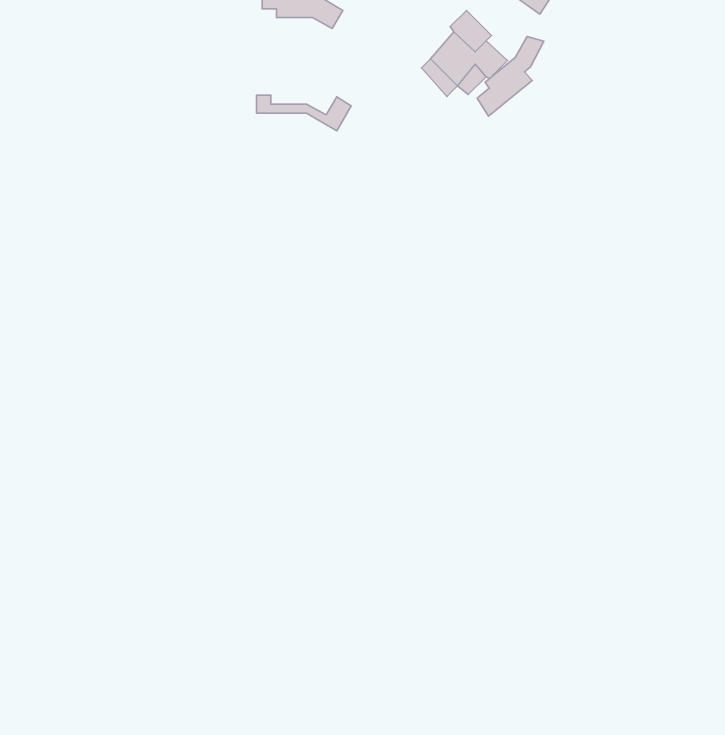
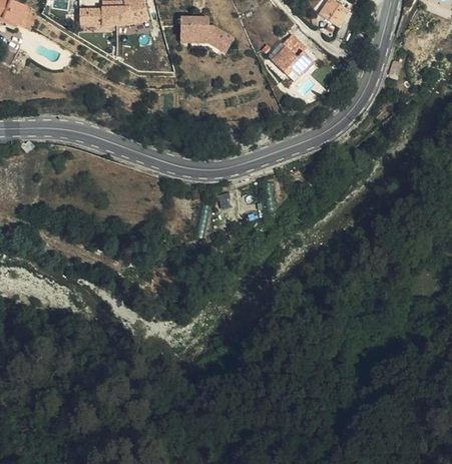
building: [477,36,544,116] -> none
building: [256,95,351,131] -> [179,33,233,53]

